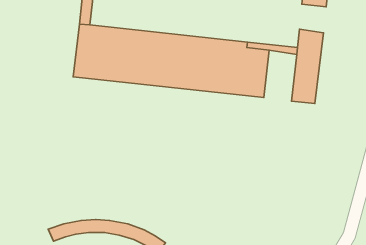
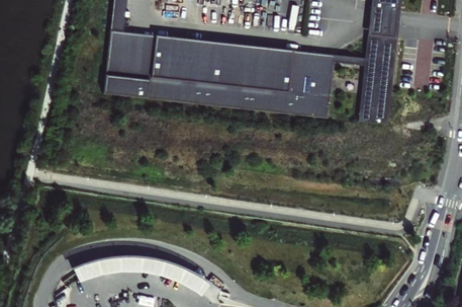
building: none -> [369,7,400,41]

